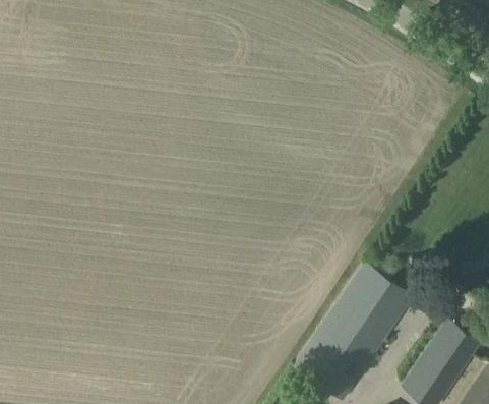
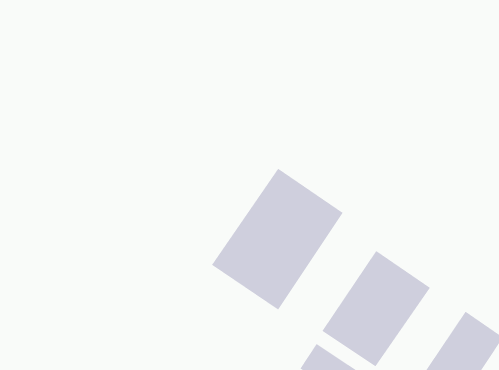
building: none -> [211,168,343,311]

